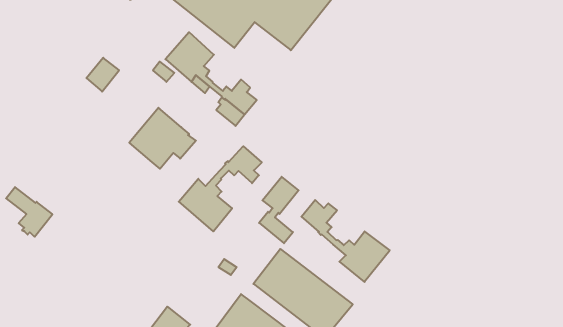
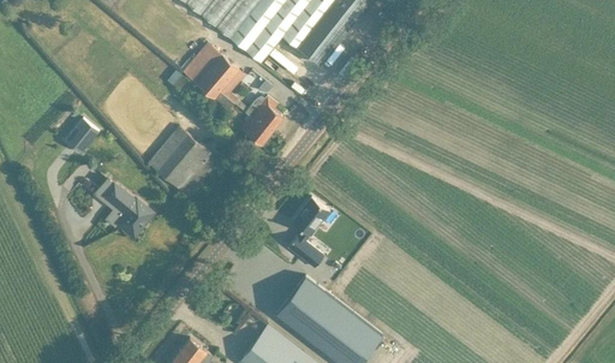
building: [86,58,119,92] -> [61,117,96,153]
building: [179,146,262,231] -> none
building: [6,187,52,237] -> [101,183,150,236]
building: [301,200,390,282] -> none

